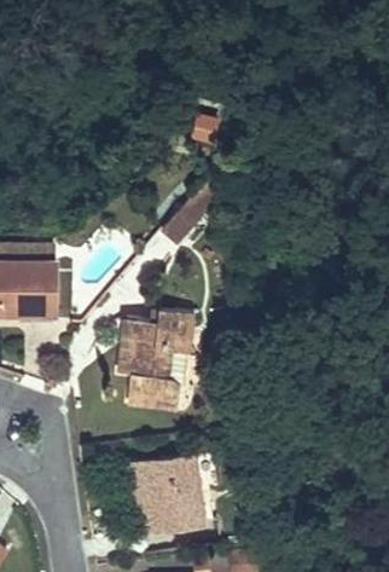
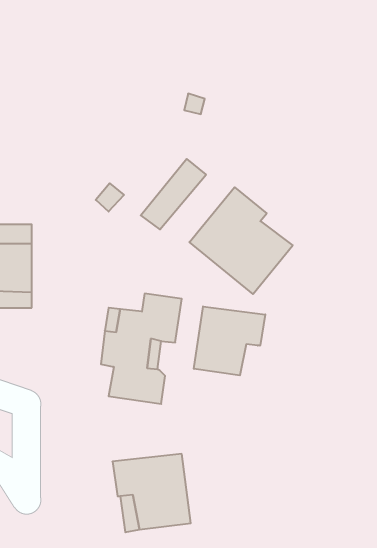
building: none -> [189,187,293,294]
building: none -> [194,306,265,375]

